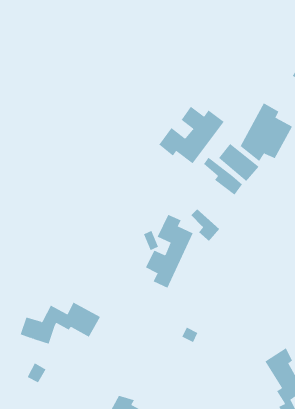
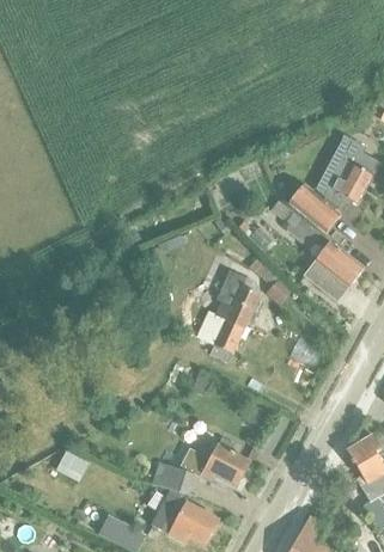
building: [158,106,225,164] -> none
building: none -> [304,241,364,302]
building: [20,302,101,344] -> [152,443,250,495]

